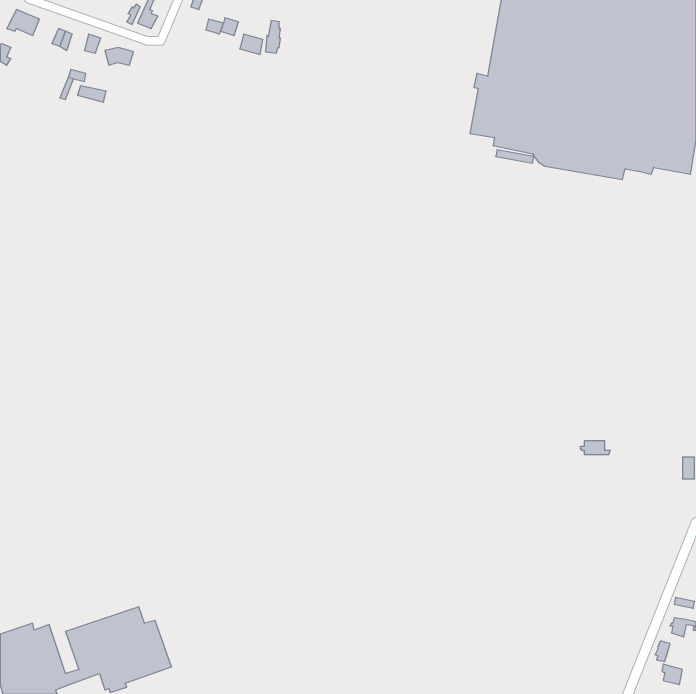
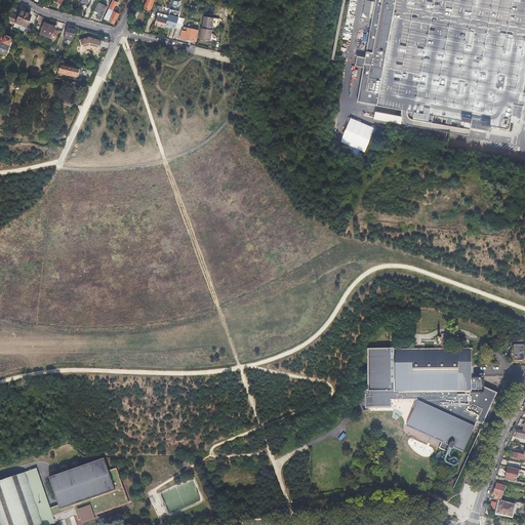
building: none -> [340,114,375,149]
building: none -> [365,347,497,450]

